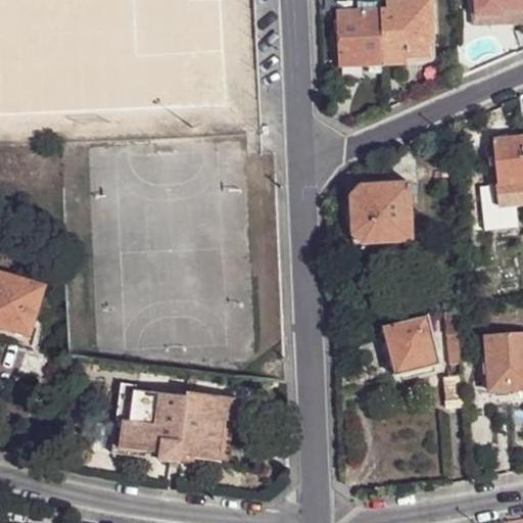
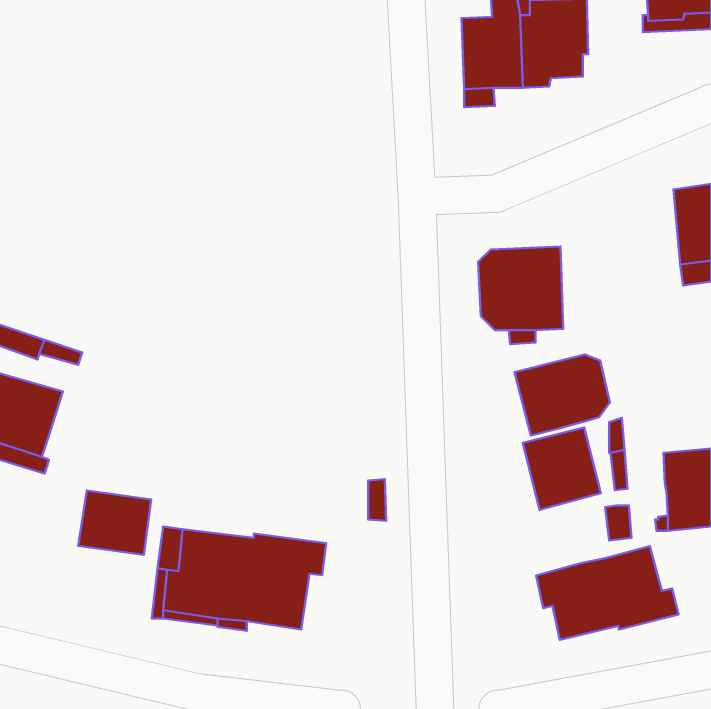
building: none -> [514,355,610,435]
building: none -> [78,491,151,555]
building: none -> [536,546,679,640]

